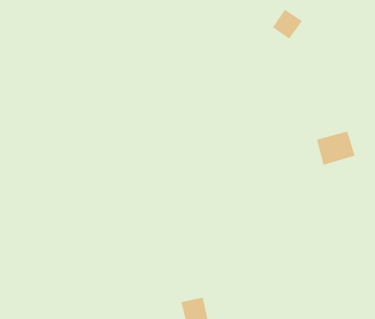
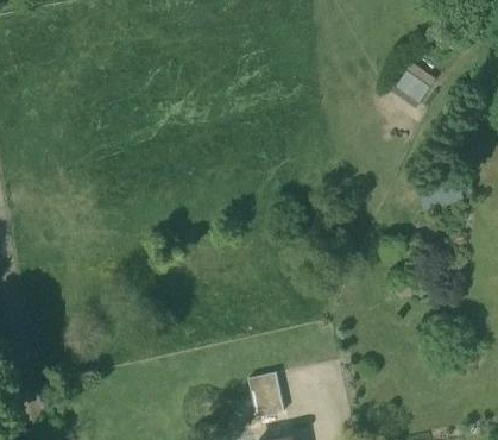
building: [272,9,303,40] -> [397,65,435,103]

